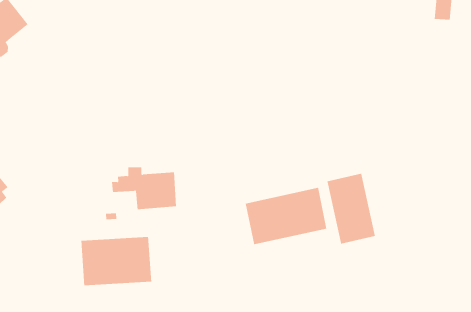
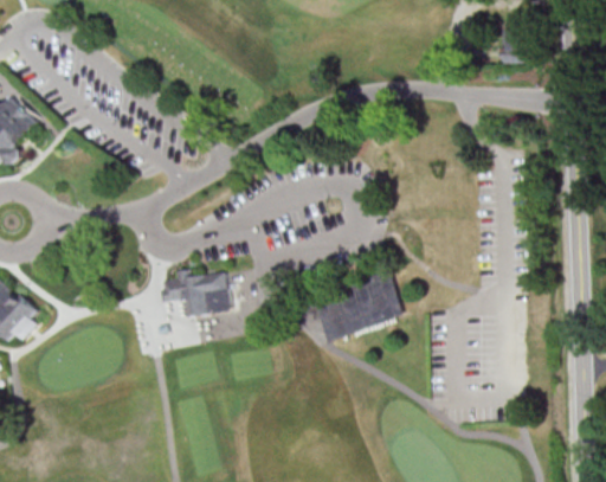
building: [327,173,375,245] -> none
building: [81,236,152,286] -> none

